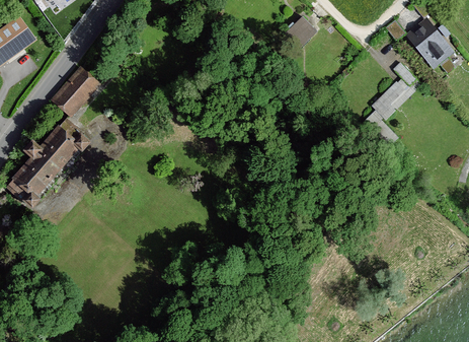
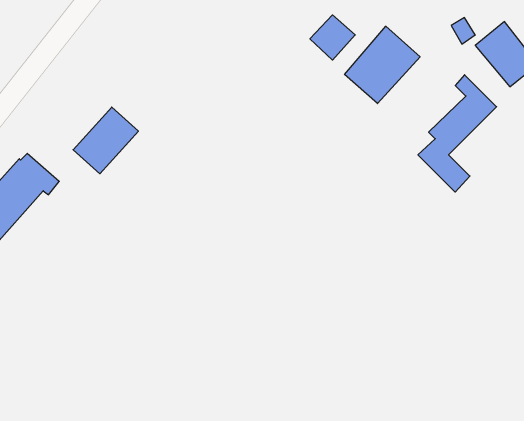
building: none -> [345,26,420,104]
building: [52,65,101,116] -> [73,107,138,174]

